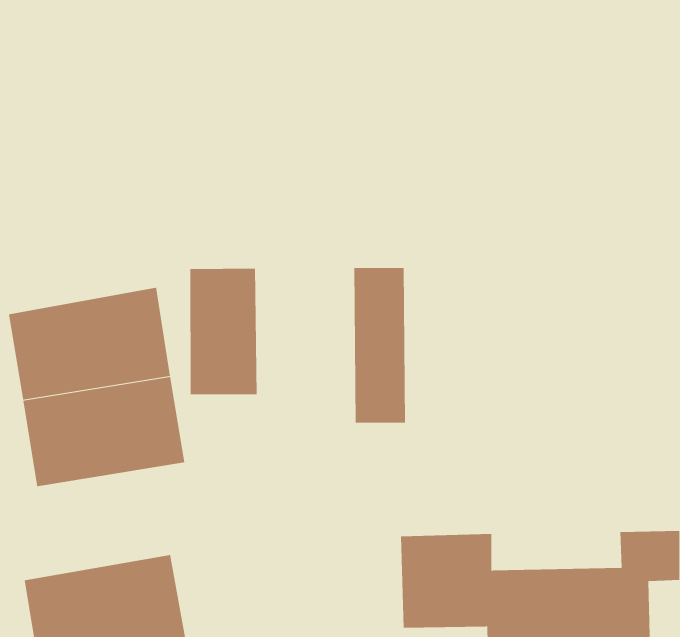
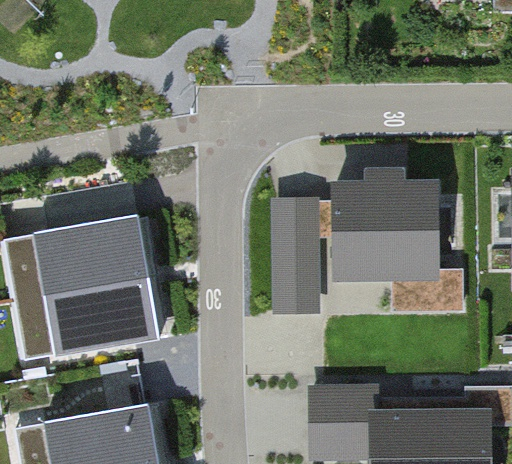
building: none -> [334,175,432,276]
building: [190,268,257,395] -> none

